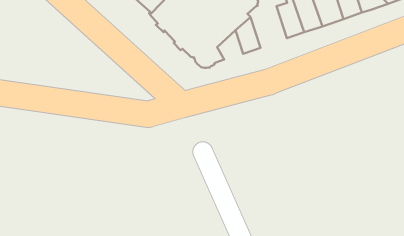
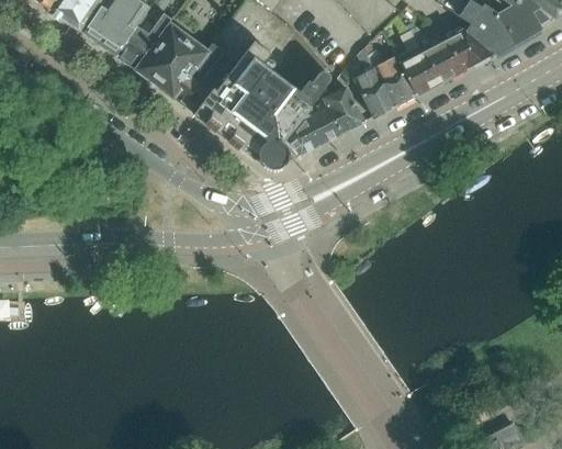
building: none -> [322,86,364,133]
building: none -> [286,115,321,156]

